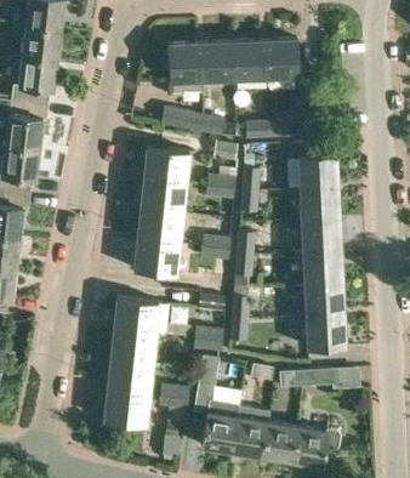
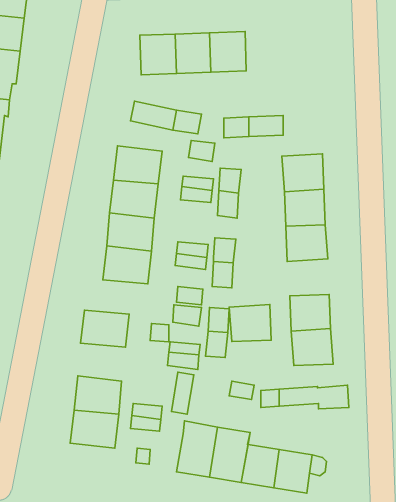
building: [264,40,298,78] -> none
building: [303,251,342,285] -> [229,305,271,341]
building: [110,329,154,364] -> none

